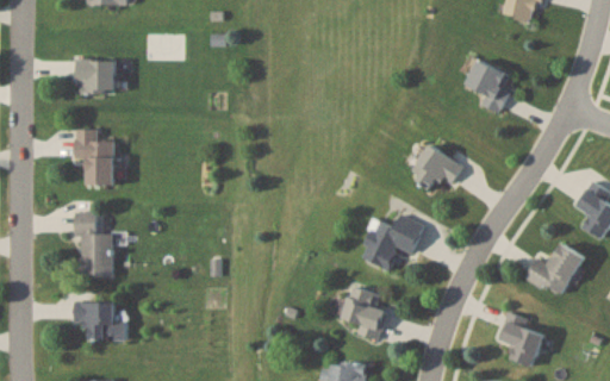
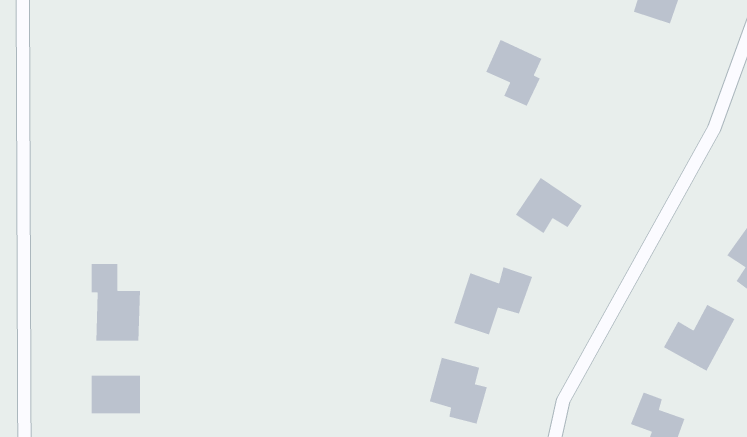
building: [79,60,114,93] -> none
building: [466,60,511,113] -> [485,39,542,107]
building: [76,129,114,186] -> none

